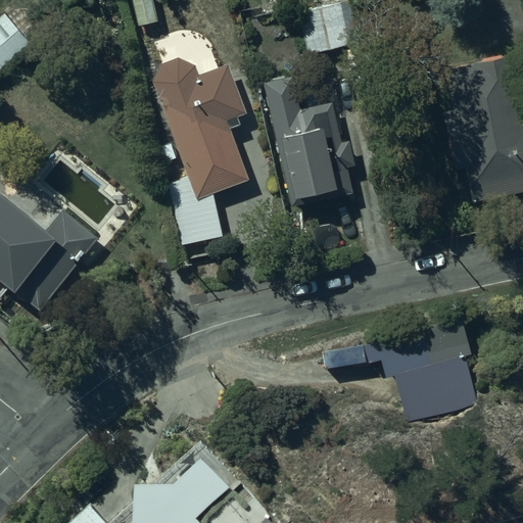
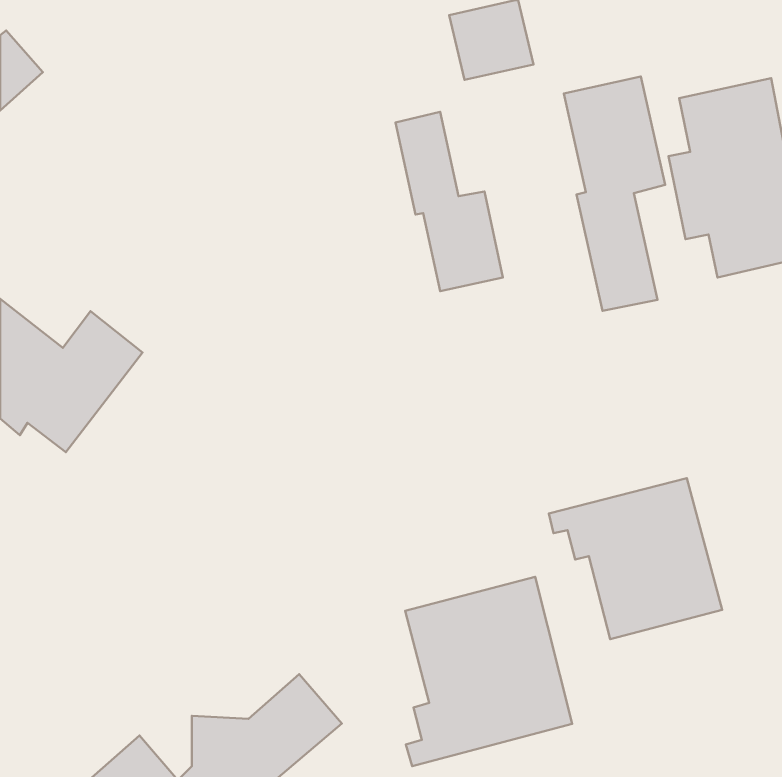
building: none -> [564,76,665,311]
building: [151,64,248,242] -> none
building: none -> [405,577,572,766]

